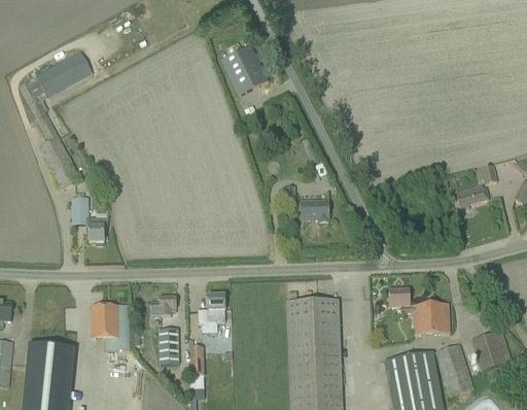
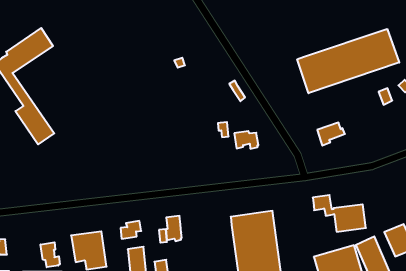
building: [221,40,269,94] -> none
building: none -> [297,29,399,93]
building: [456,183,489,209] -> [317,123,345,146]
building: [72,197,108,240] -> none
building: none -> [41,242,60,267]

